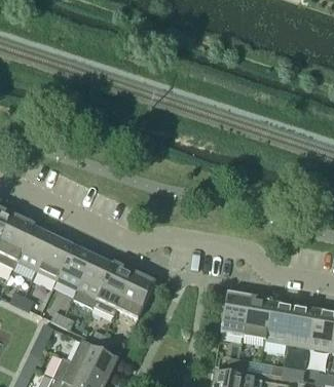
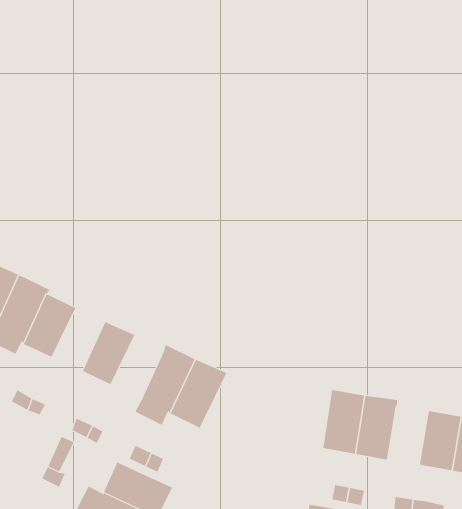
building: [37,236,73,279] -> none
building: [73,255,113,308] -> none
building: [263,303,293,353] -> none

